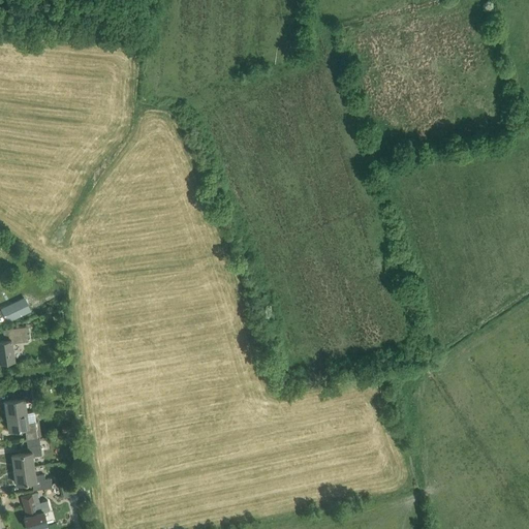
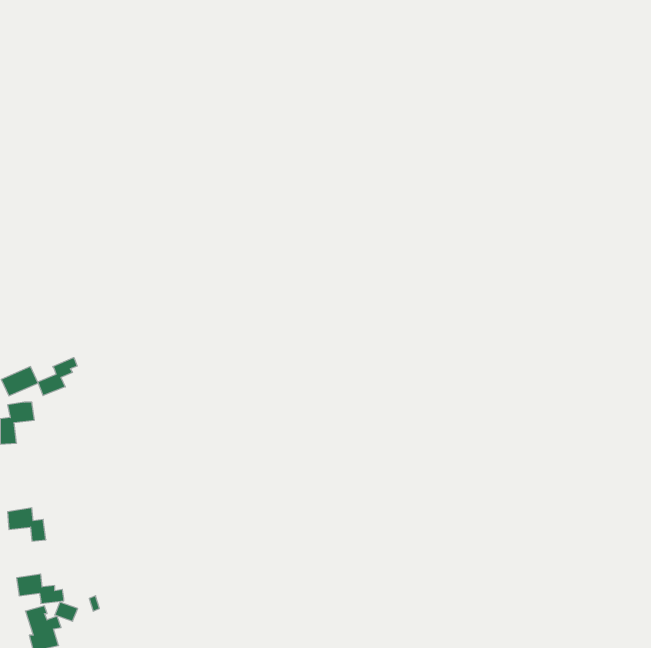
building: none -> [38,358,77,396]
building: [4,393,32,417] -> none
building: [11,440,41,471] -> none

